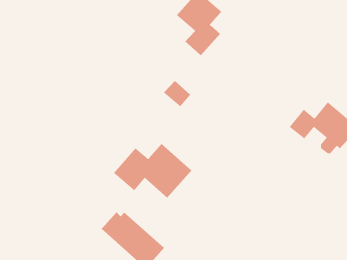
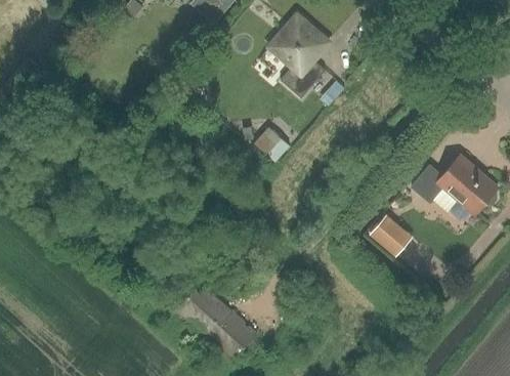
building: [113,143,192,199] -> none
building: none -> [372,214,415,256]

